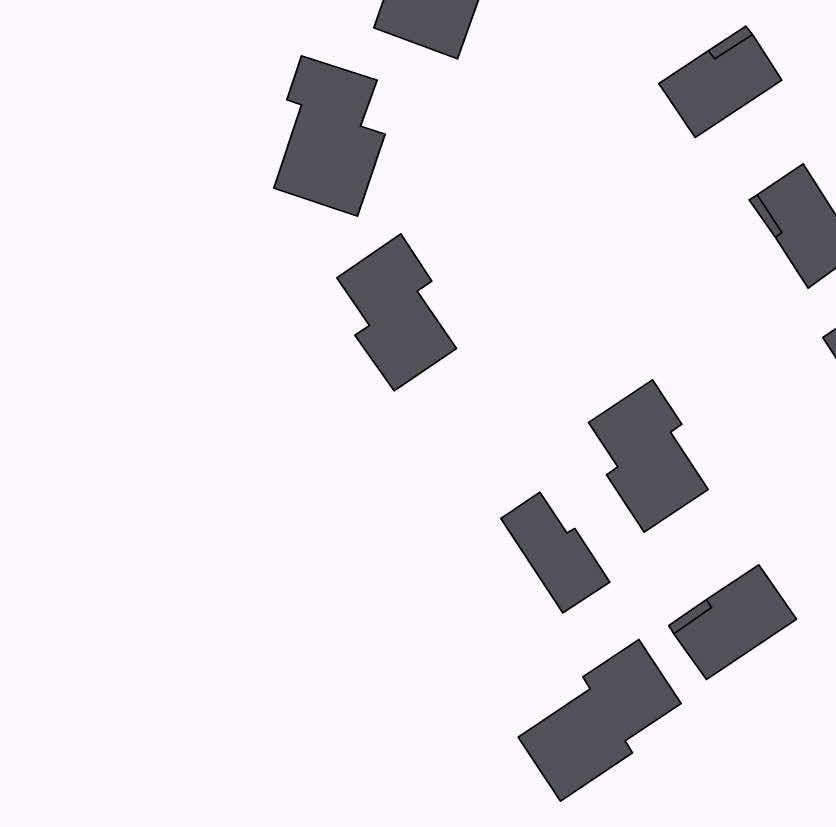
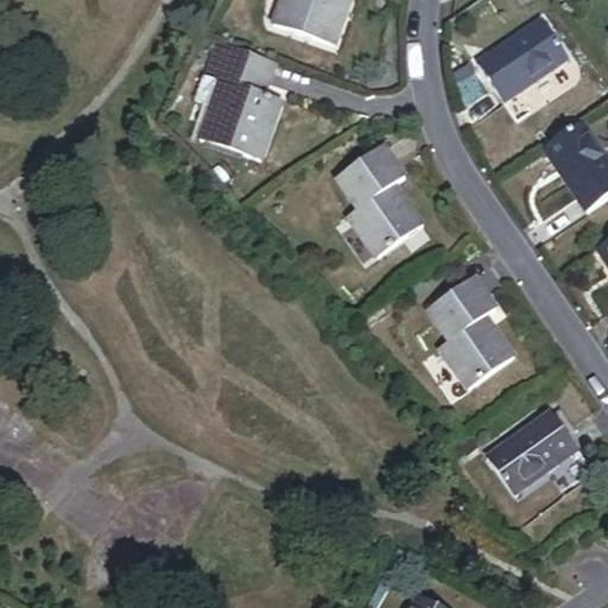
building: [337,234,456,391] -> [336,141,423,255]
building: [501,492,610,613] -> none
building: [518,640,681,801] -> none

